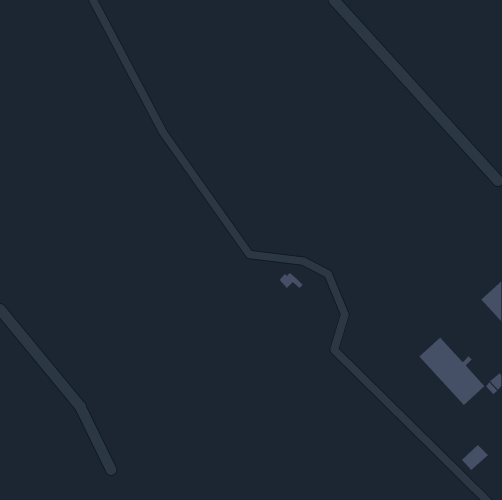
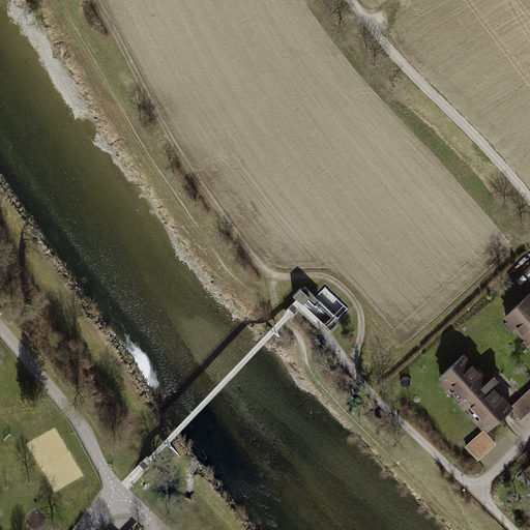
building: [461,444,489,471] -> [467,433,496,461]

